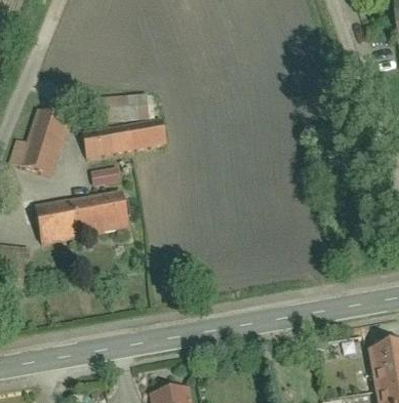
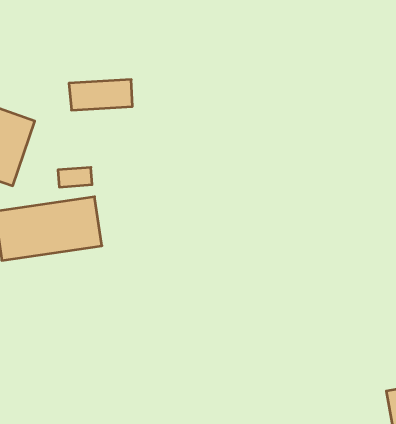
building: [82,124,158,161] -> none

